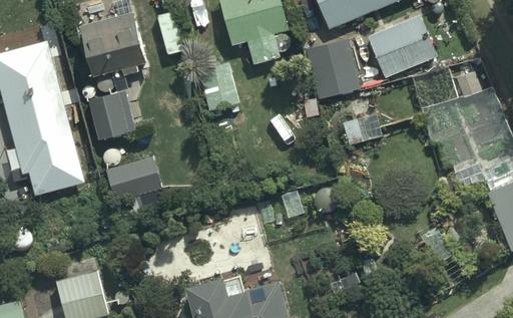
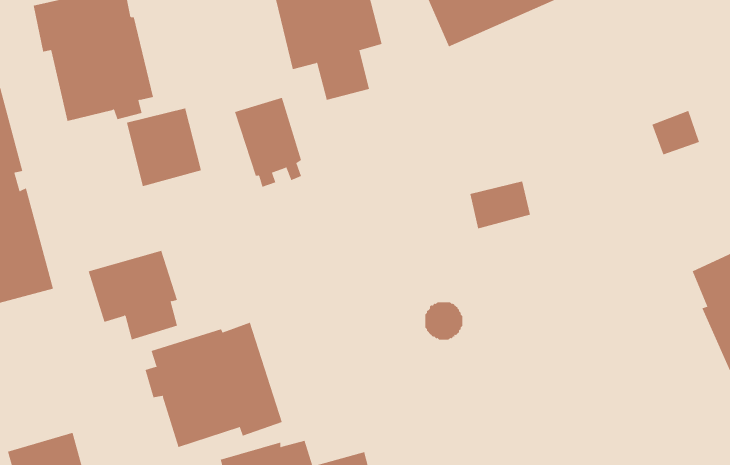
building: [367,16,435,76] -> none
building: [306,35,364,99] -> none
building: [88,91,135,140] -> [126,108,202,187]
building: none -> [145,322,282,448]

